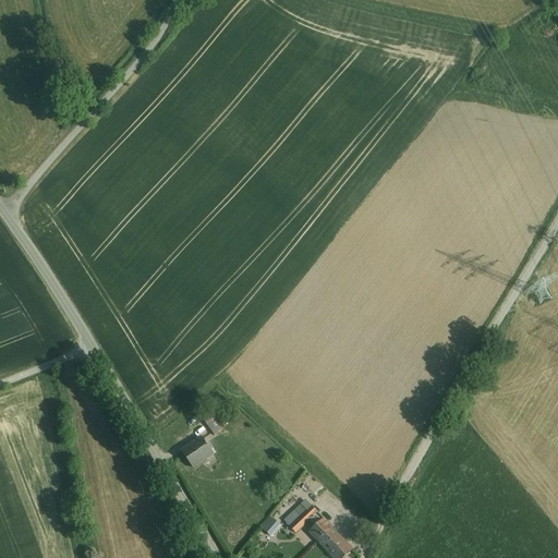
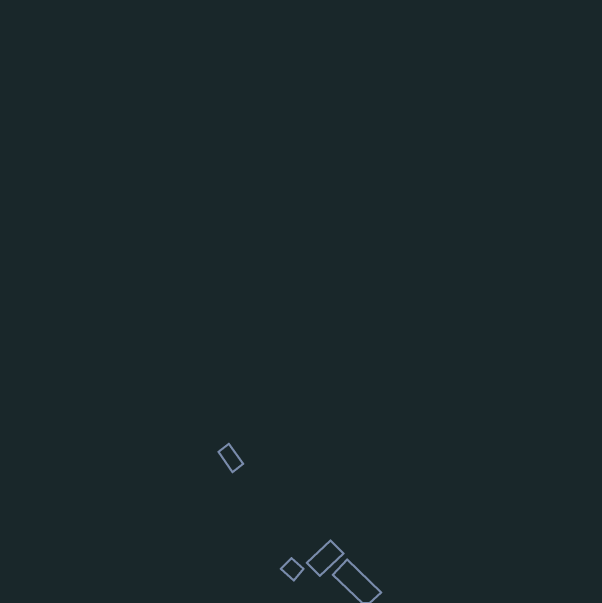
building: [179,434,215,469] -> none

